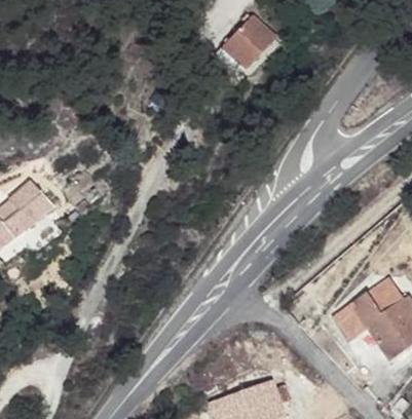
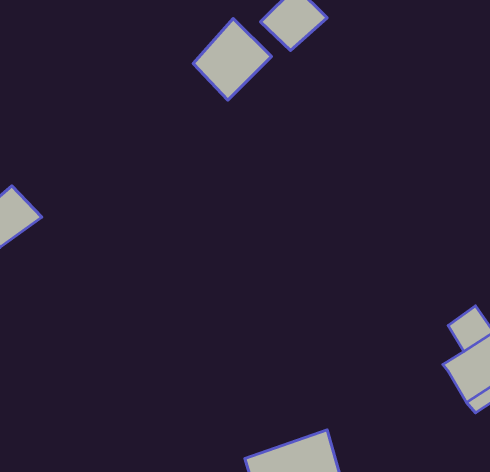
building: none -> [193,18,271,100]
building: [331,291,381,342] -> none

